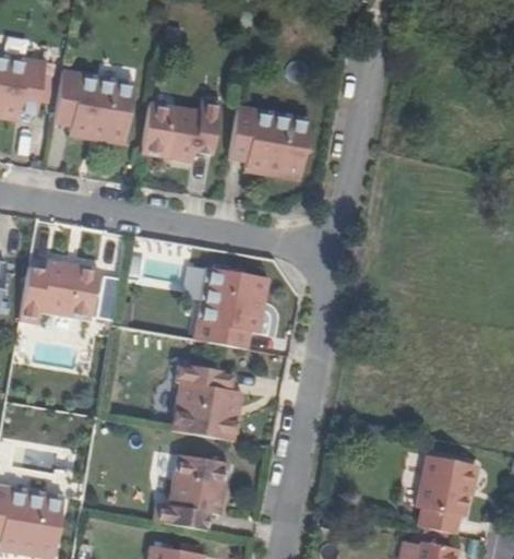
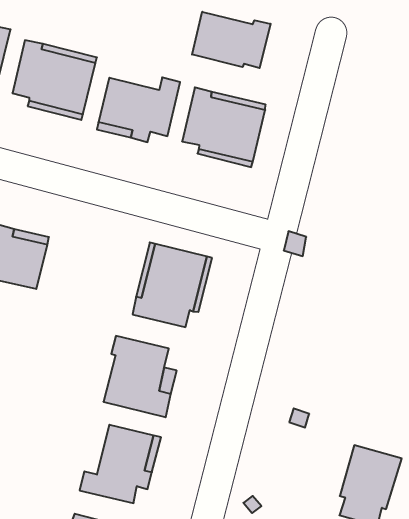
building: none -> [192,12,271,68]

